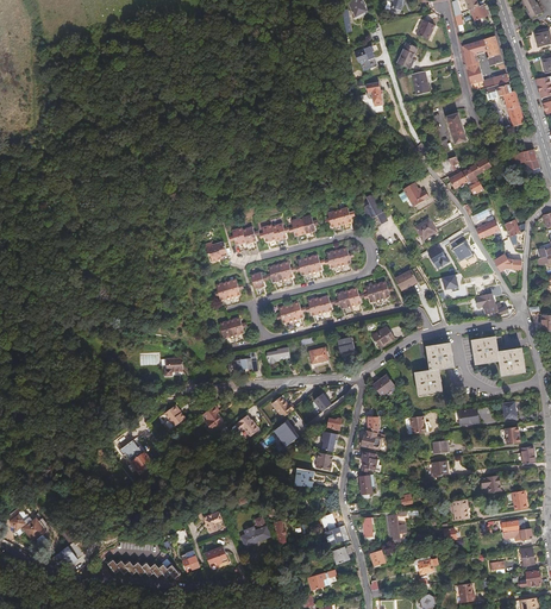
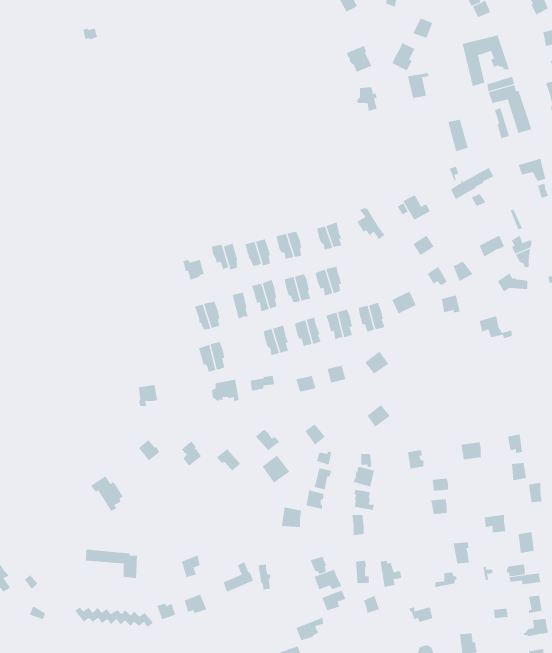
building: [472,335,526,376] -> none
building: [415,344,453,396] -> none
building: none -> [86,549,137,579]

